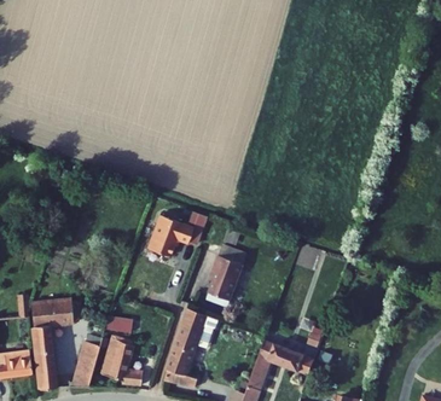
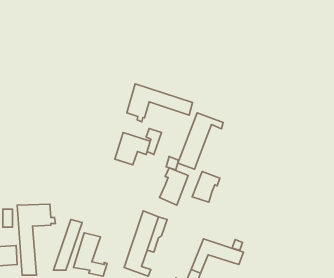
building: none -> [127,84,192,122]
building: none -> [178,113,223,169]
building: none -> [192,172,220,202]

